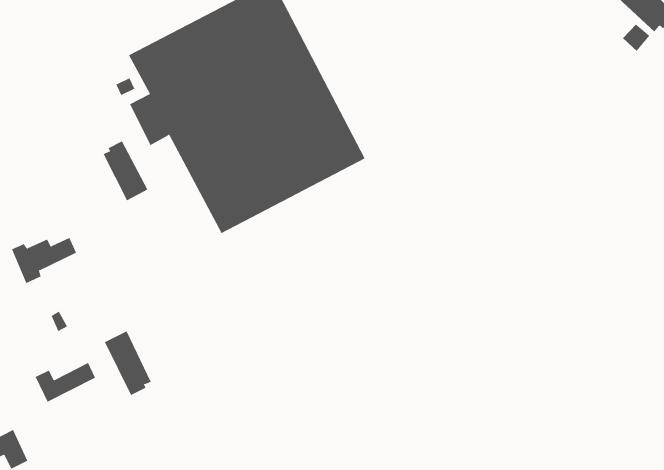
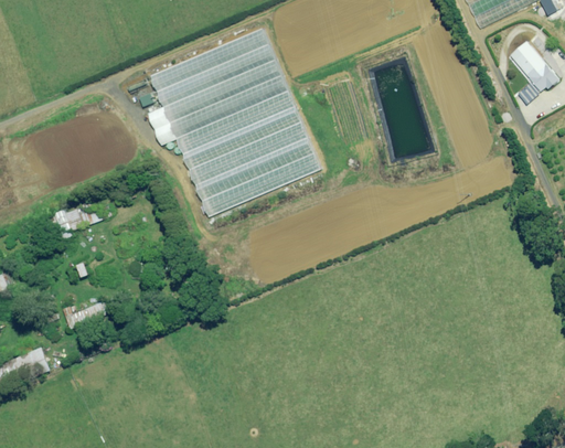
building: [103,140,148,201] -> none
building: [104,330,151,396] -> none

